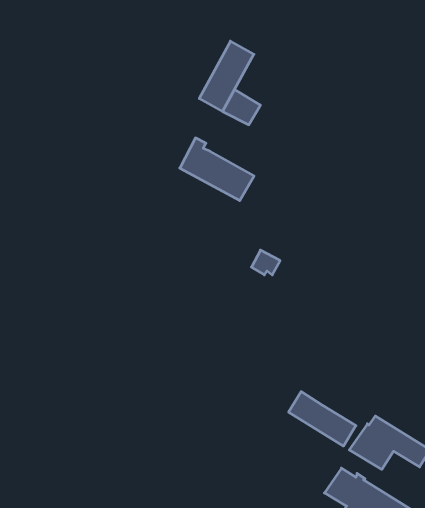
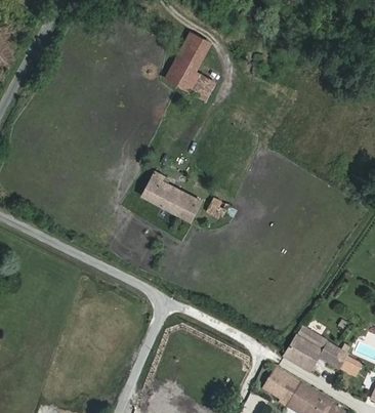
building: [180,138,254,201] -> [142,172,201,221]
building: [289,392,356,446] -> none

